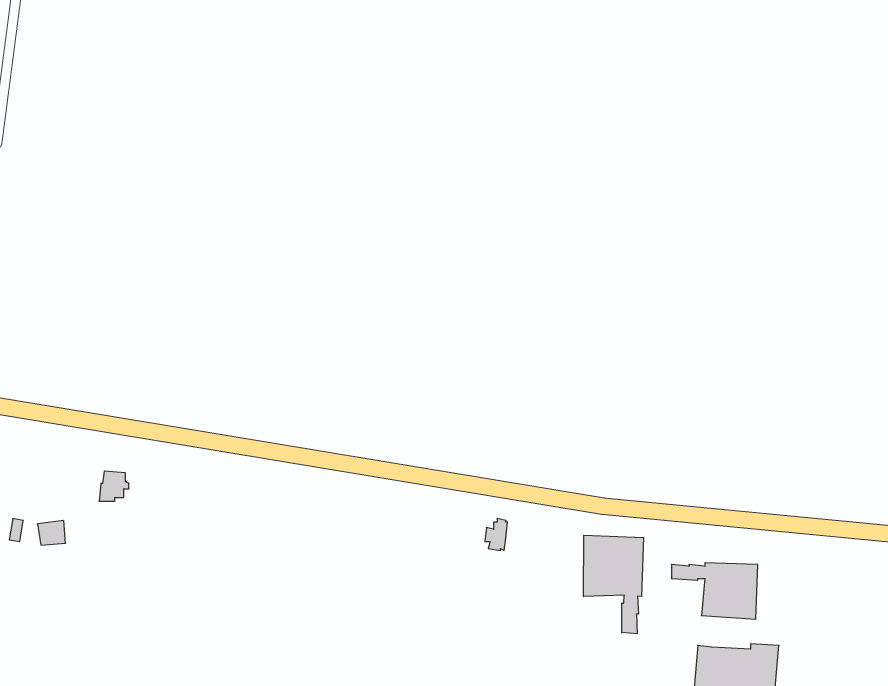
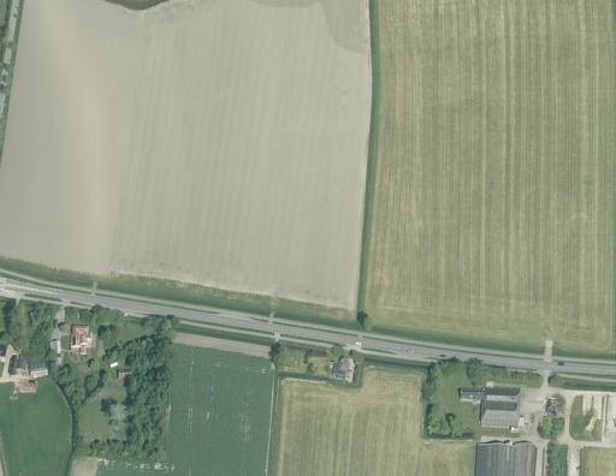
building: [584,535,643,634] -> none

